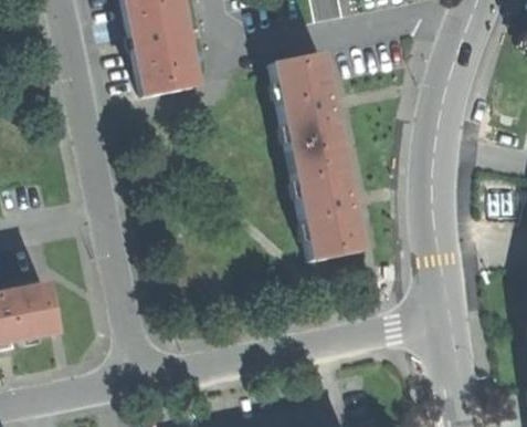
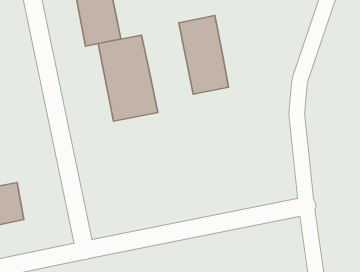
building: none -> [98,35,158,121]
building: [295,150,365,259] -> none

